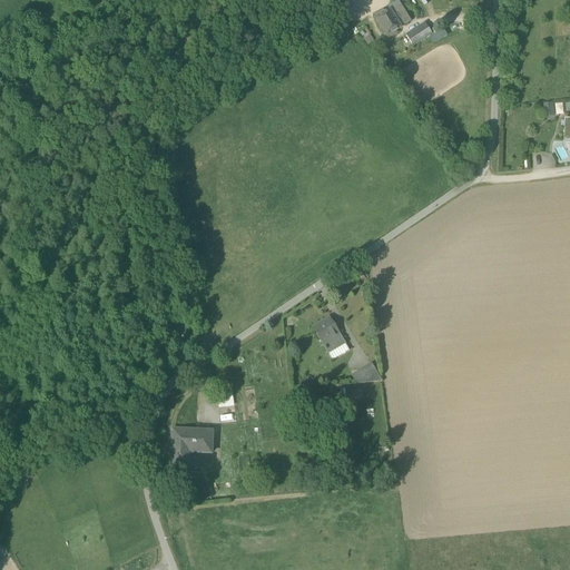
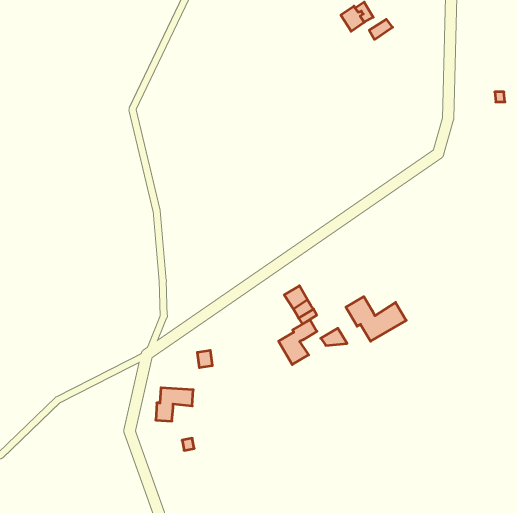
building: none -> [346,297,406,341]
building: none -> [279,320,317,365]

